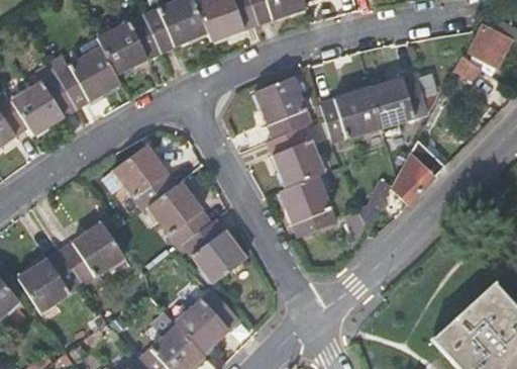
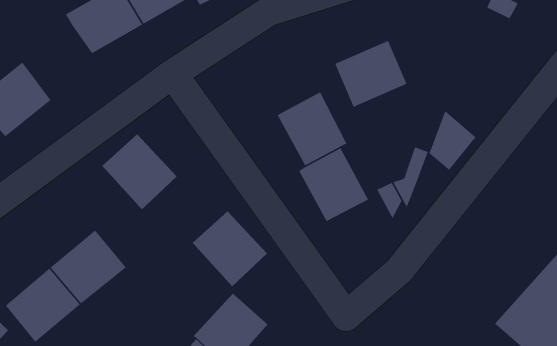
building: [56,47,120,107] -> none
building: [369,73,436,126] -> none
building: [254,75,312,137] -> none
building: [147,181,212,246] -> none

